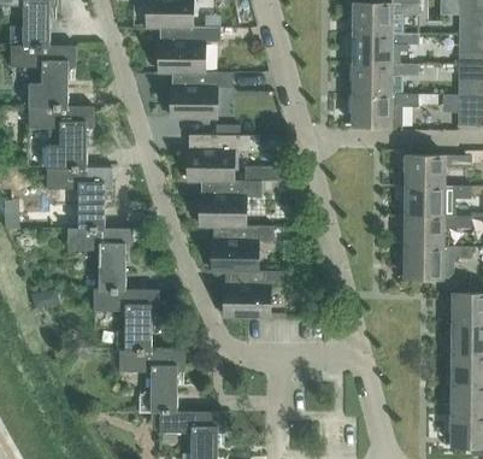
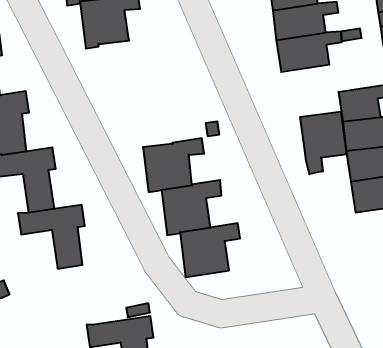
building: [172,71,234,119] -> none
building: [189,135,249,182] -> none
building: none -> [300,112,347,174]
building: [93,288,159,351] -> none

